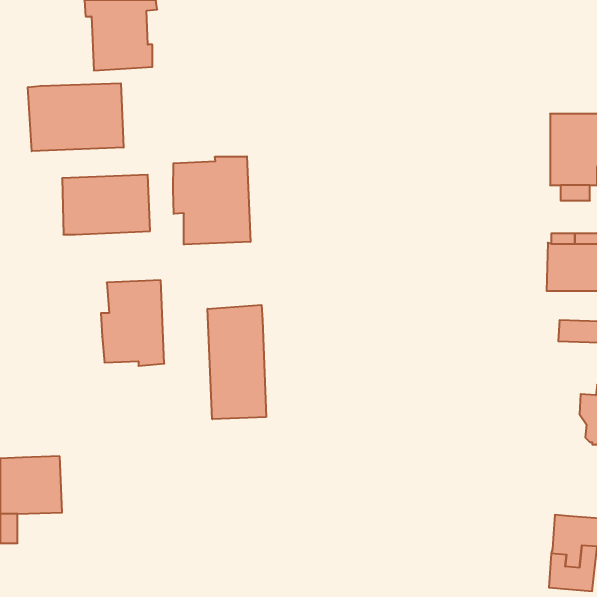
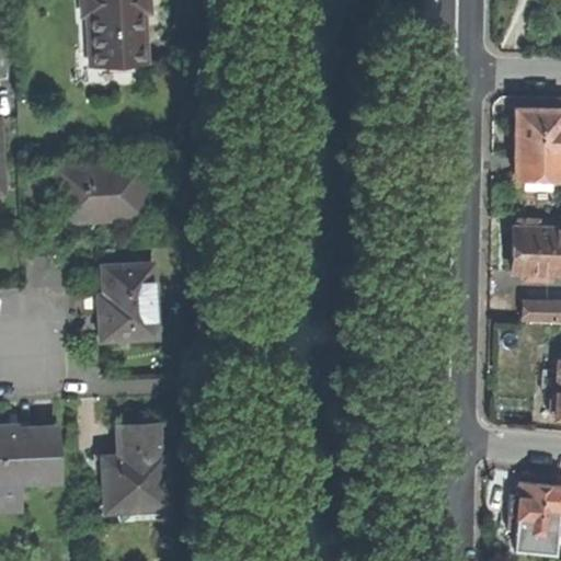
building: [28,83,124,151] -> none
building: [173,156,250,245] -> none
building: [208,305,266,419] -> none
building: none -> [101,423,167,513]

